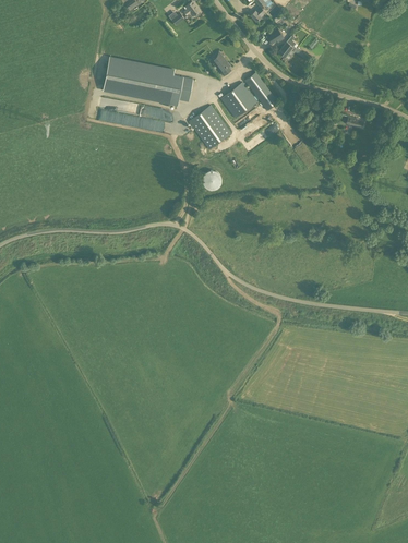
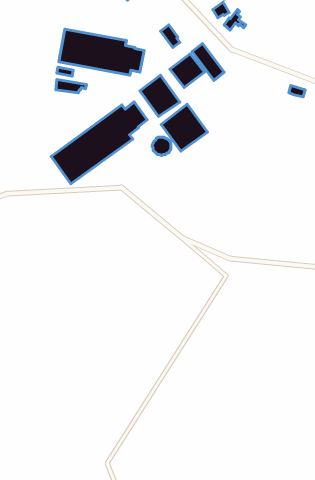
building: none -> [51,102,147,184]
building: none -> [161,104,208,151]

